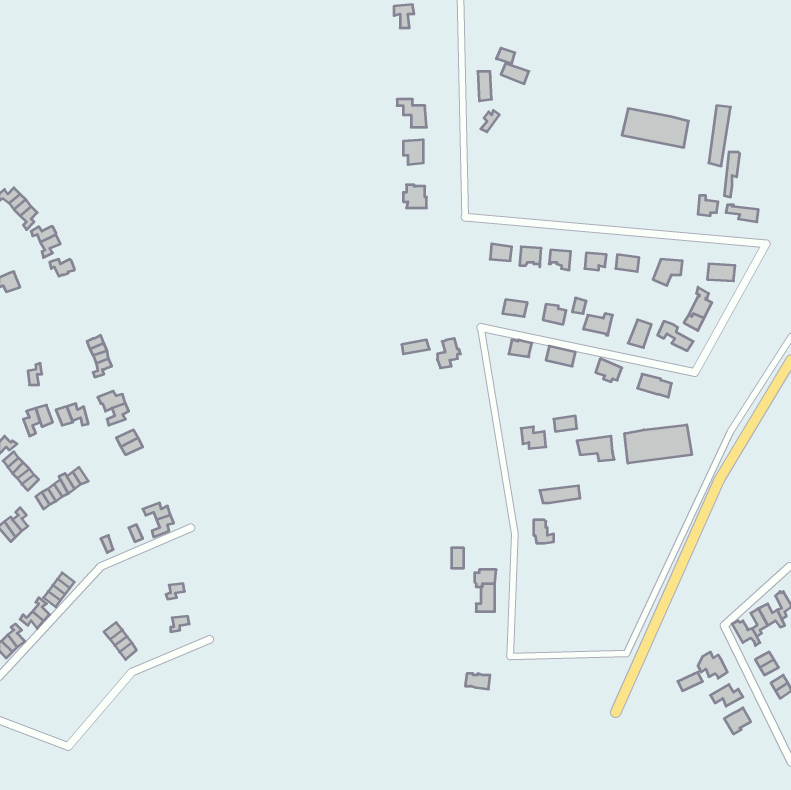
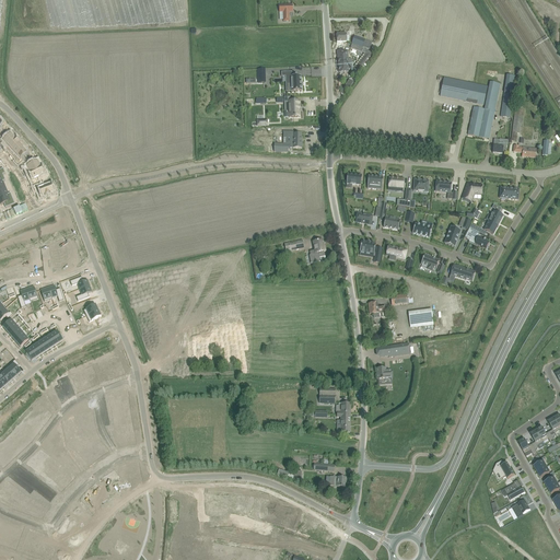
building: none -> [466,81,499,138]
building: [625,425,692,463] -> none

